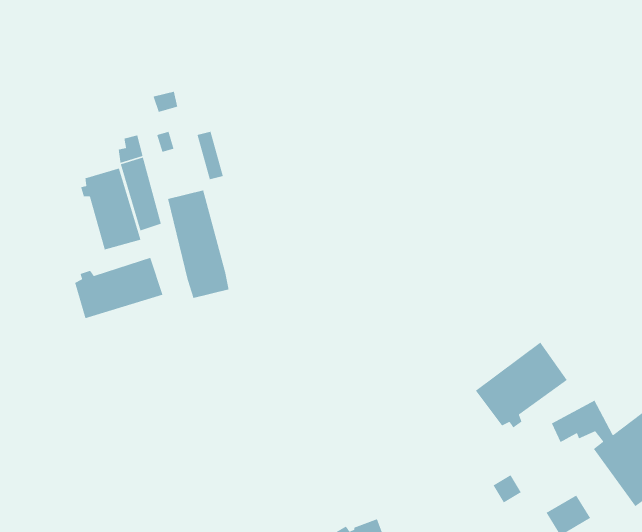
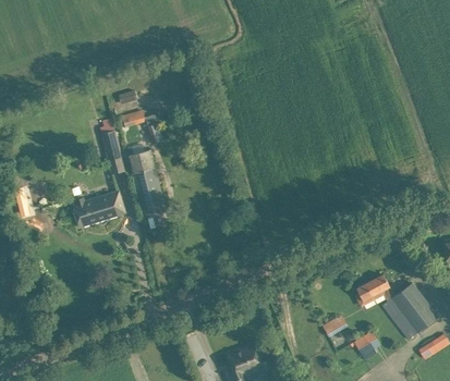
building: [80,167,142,250] -> none
building: [475,342,568,428] -> none

